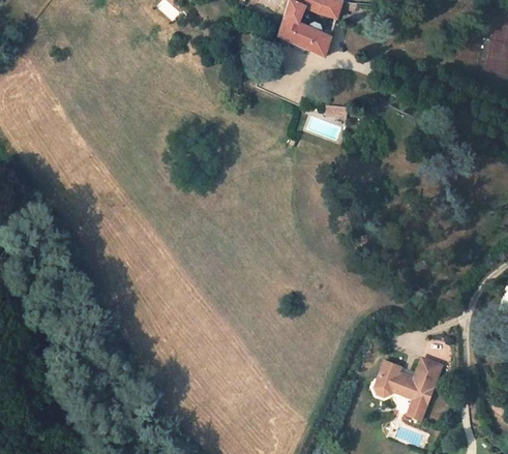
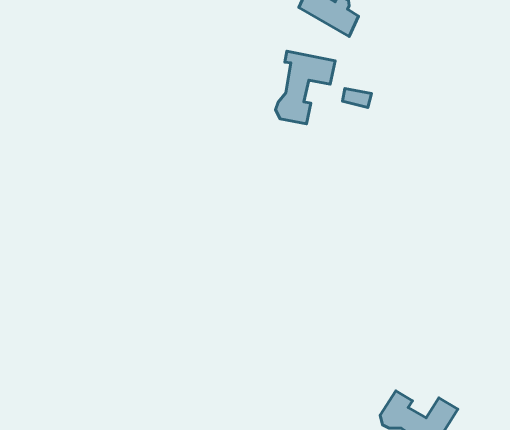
building: none -> [276,51,335,124]

